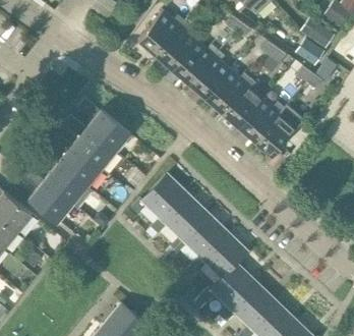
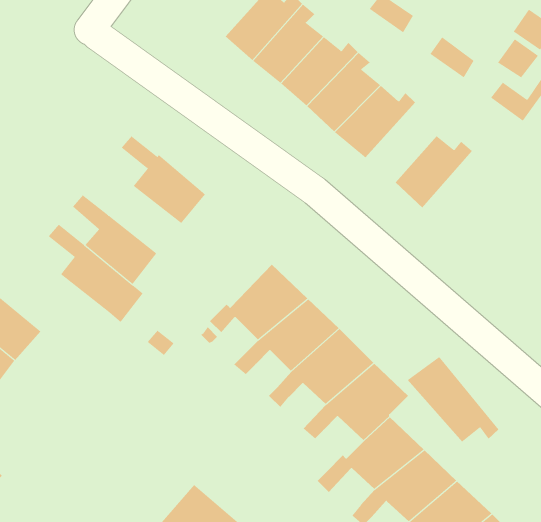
building: [223,79,264,126] -> none
building: [256,106,304,157] -> none
building: [65,116,115,168] -> none
building: [22,168,72,221] -> none
building: none -> [407,356,499,443]

